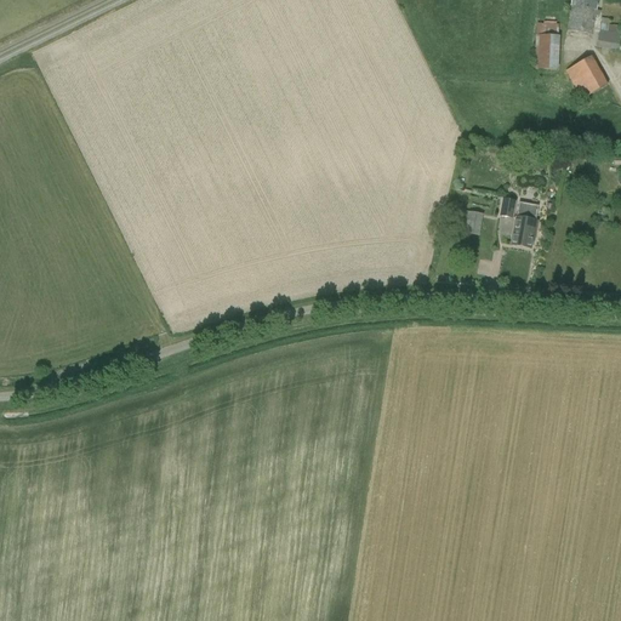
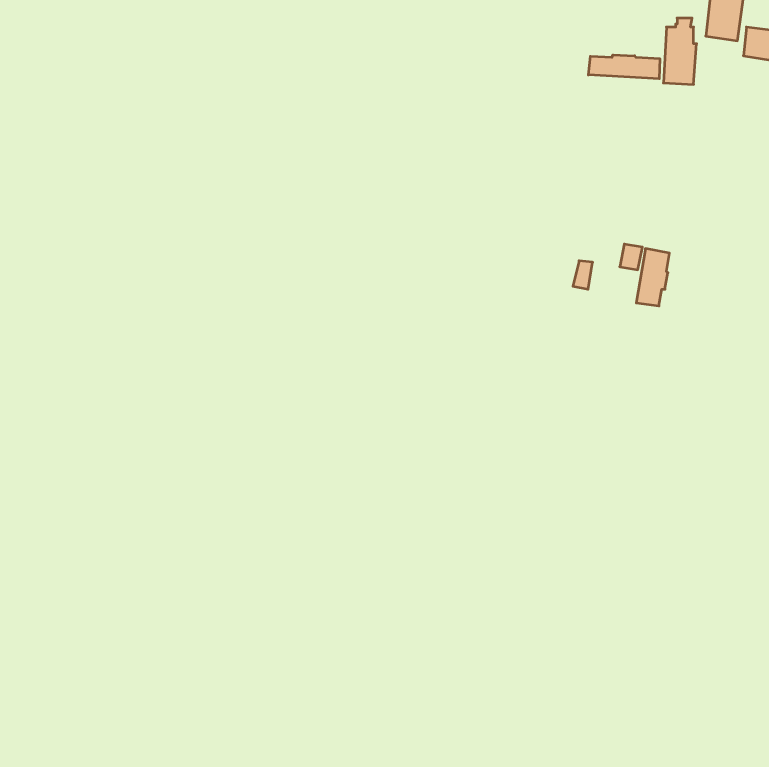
building: none -> [588,55,660,79]
building: [568,53,609,98] -> none

